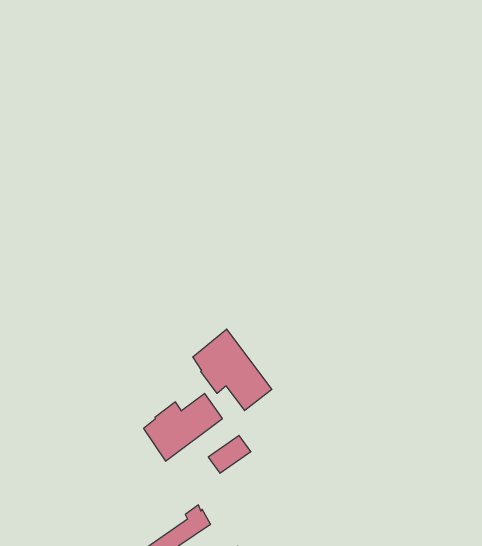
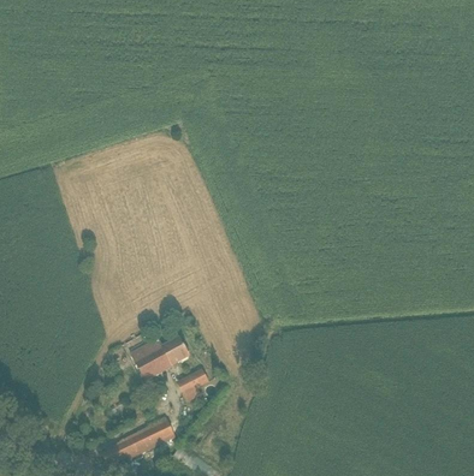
building: [193,329,272,411] -> none

